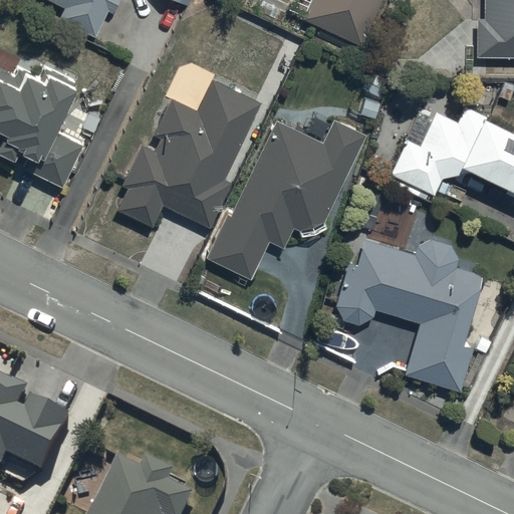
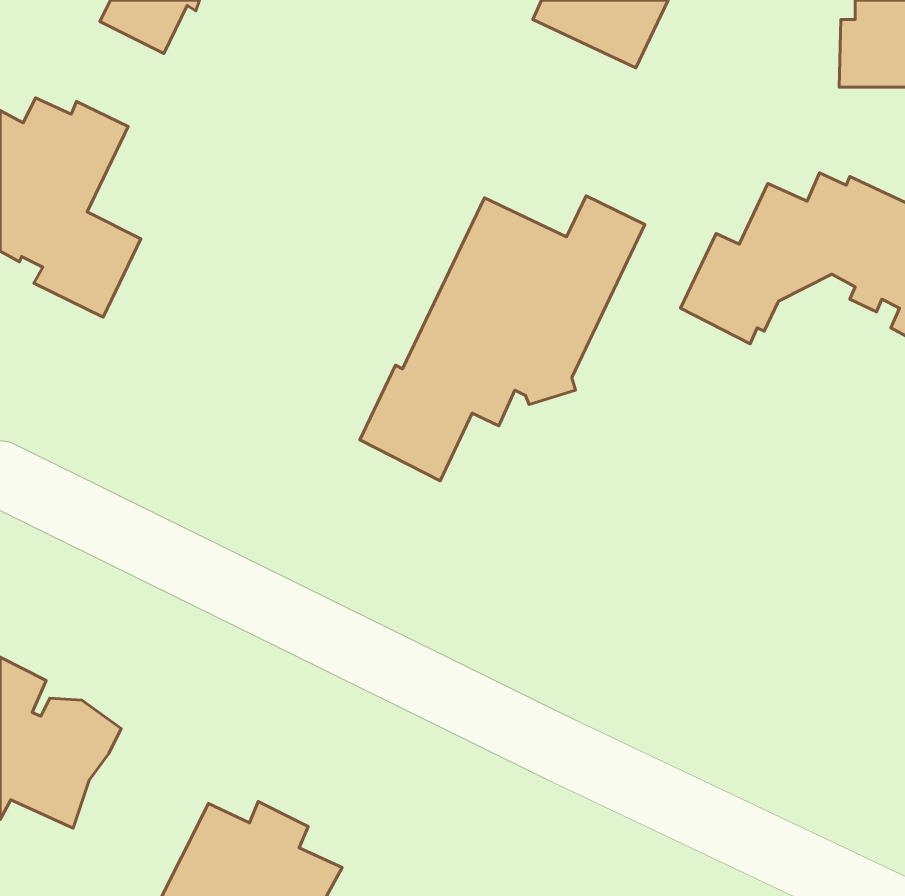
building: [116,78,262,228] -> none
building: [336,239,482,391] -> none

